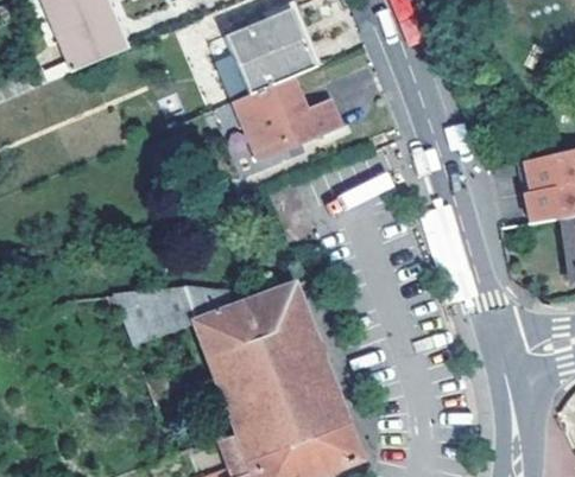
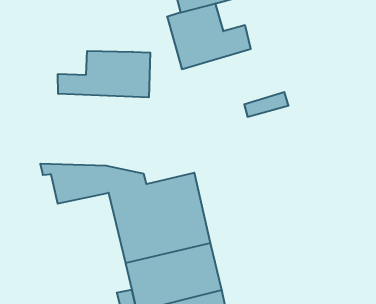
building: none -> [58,51,150,97]

